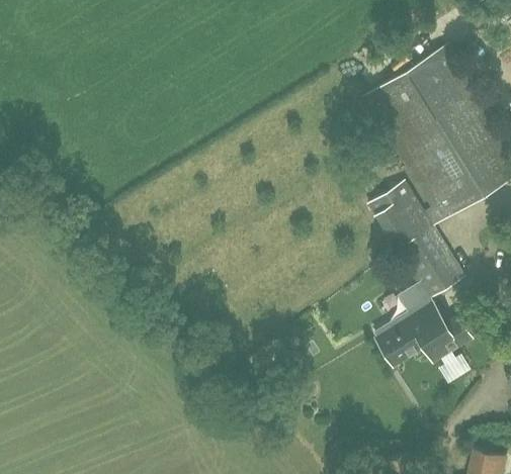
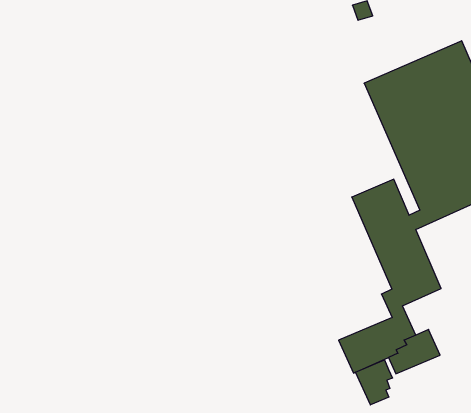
building: none -> [356,360,393,405]

